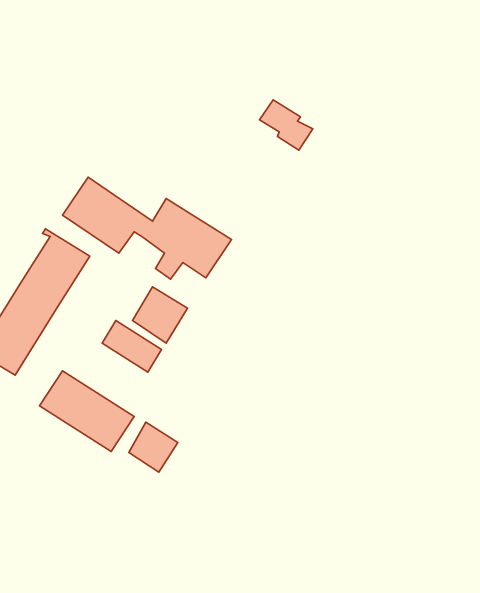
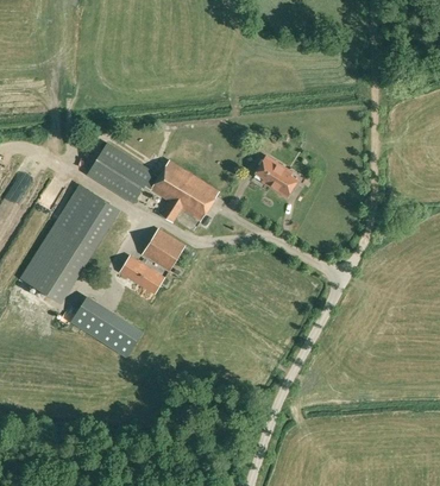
building: [259,100,313,150] -> [256,157,297,196]
building: [129,422,178,472] -> none

